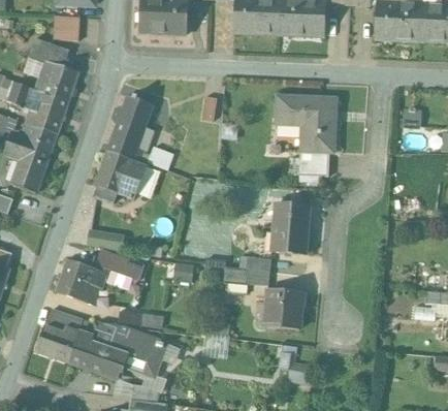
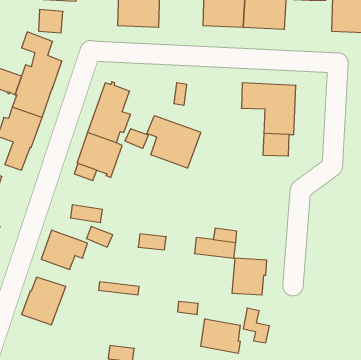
building: none -> [147,116,201,168]
building: [271,203,310,254] -> none
building: [68,319,166,379] -> none
building: none -> [201,319,240,353]

